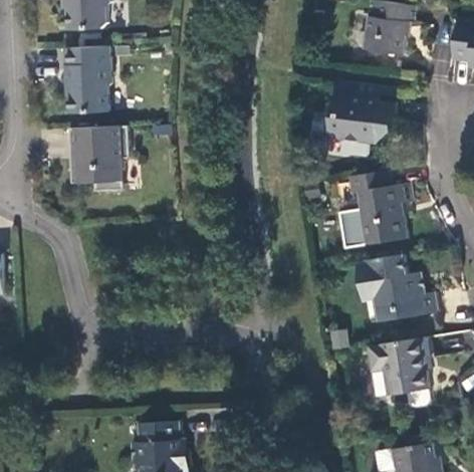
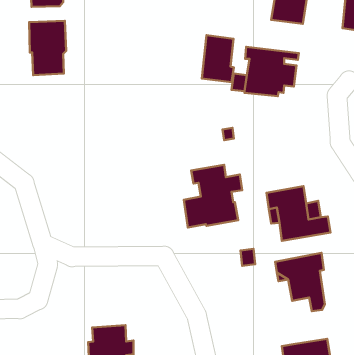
building: none -> [202,35,234,82]
building: [68,128,128,194] -> none
building: [340,168,413,245] -> [184,165,242,227]

